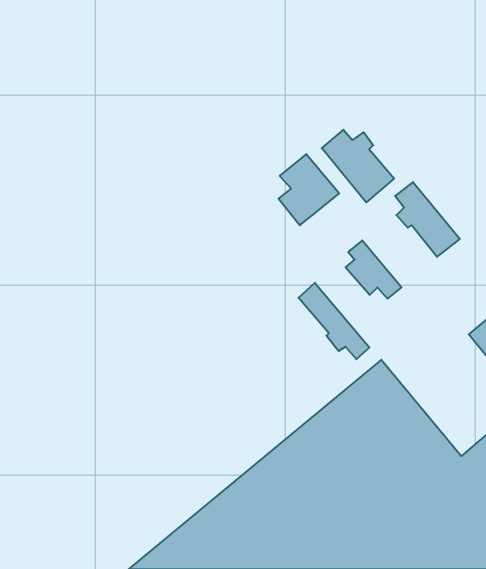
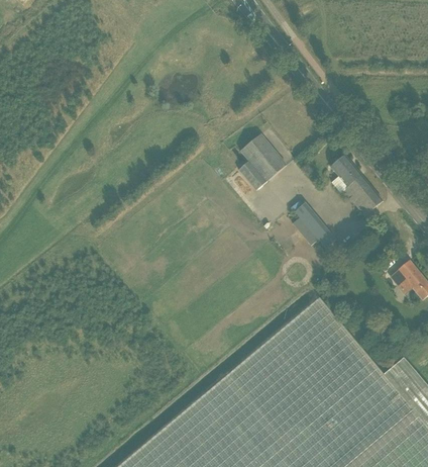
building: [322,130,394,202] -> none
building: [298,283,369,359] -> none

